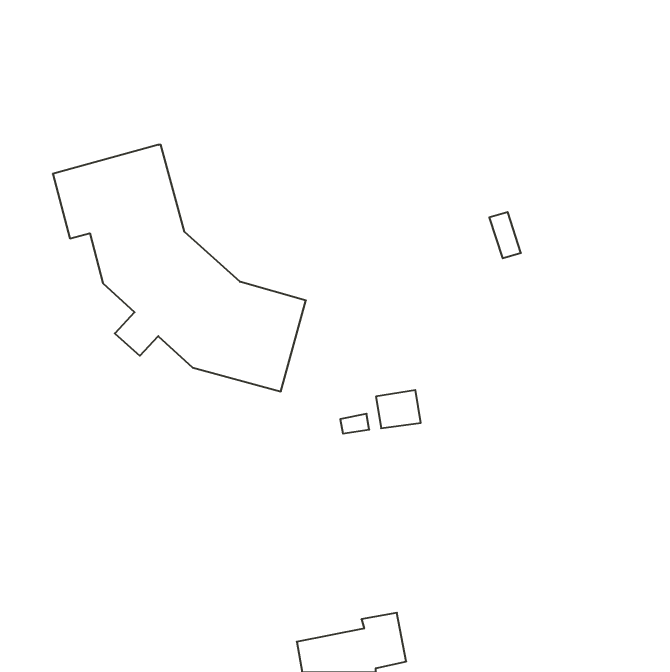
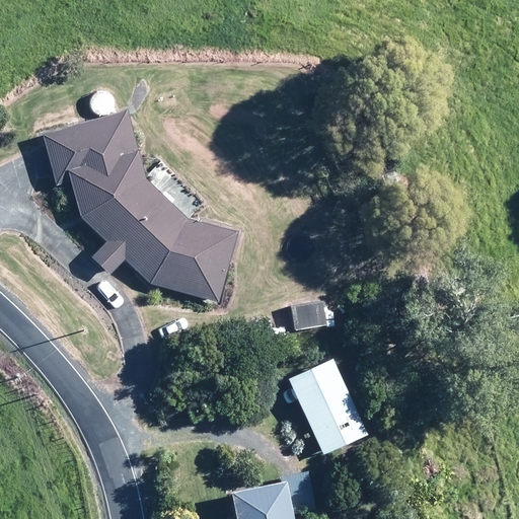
building: none -> [288,361,366,456]

